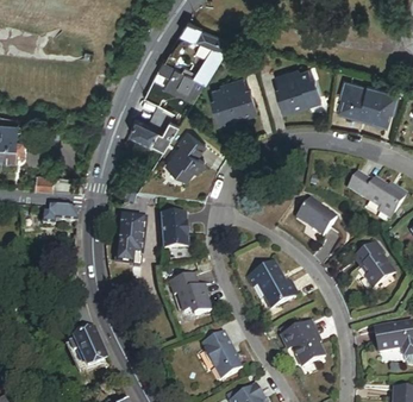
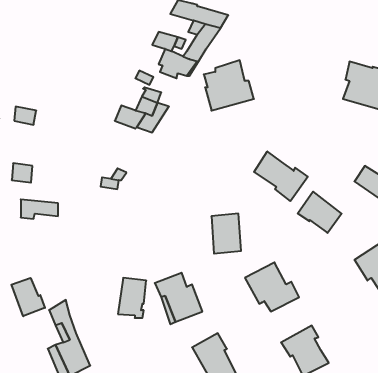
building: [276,70,323,114] -> none
building: [165,131,205,177] -> none
building: none -> [254,151,308,201]
building: [162,212,189,249] -> [211,214,241,254]
building: [117,230,143,266] -> [118,278,146,318]
building: none -> [11,278,45,316]

